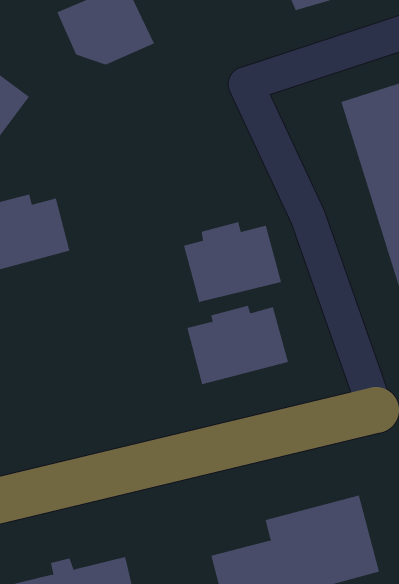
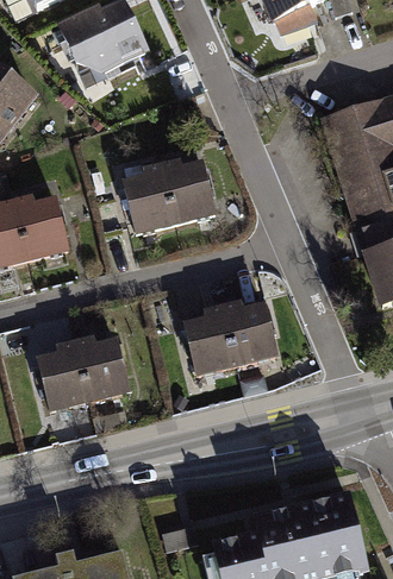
building: [183,222,282,302] -> [123,162,216,238]
building: none -> [36,339,130,415]

